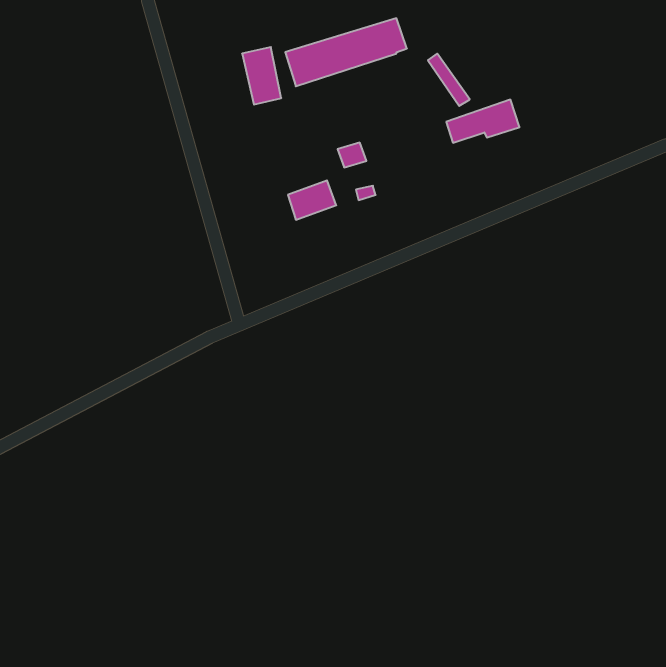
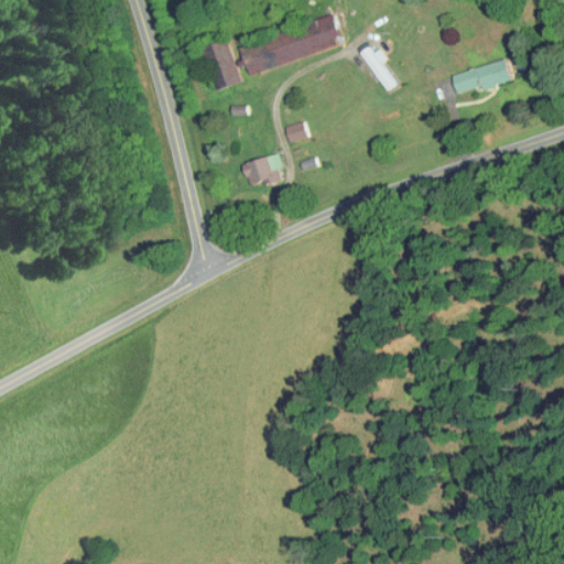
building: [446,100,520,143] -> [452,57,513,94]

